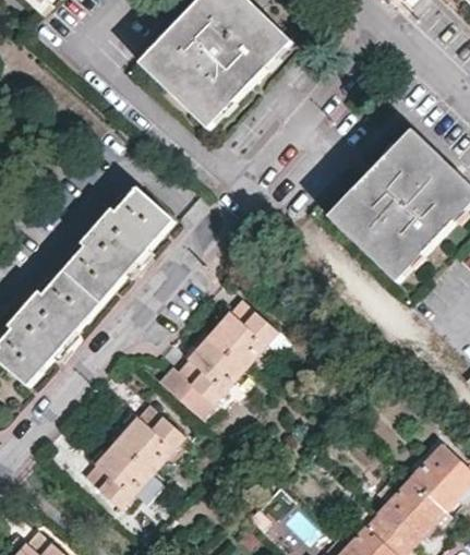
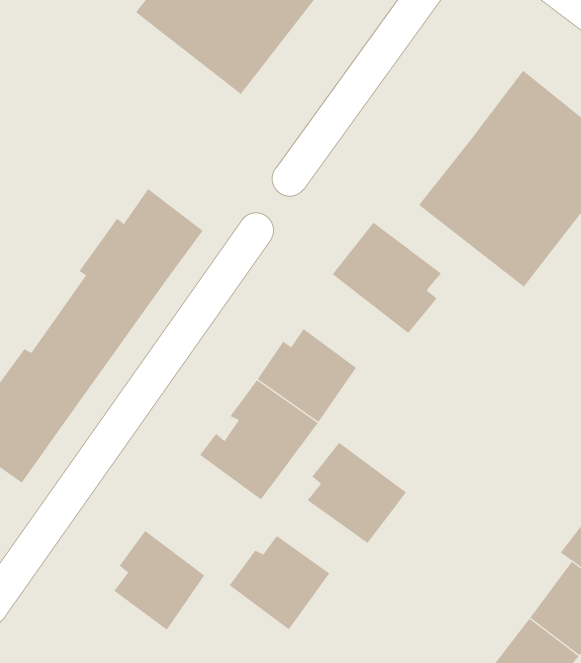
building: none -> [332,222,442,334]
building: none -> [307,442,407,544]
building: [112,395,184,462] -> [229,535,330,630]

